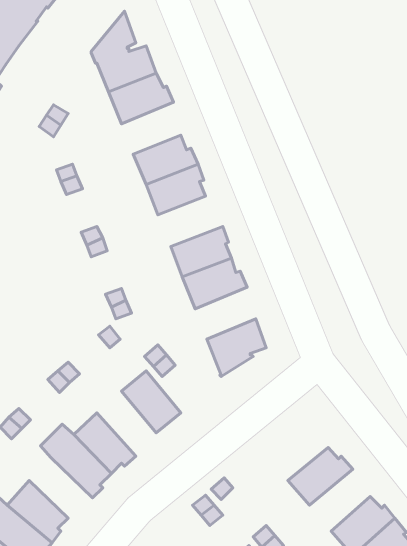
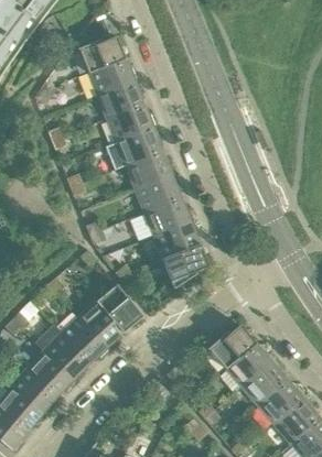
building: none -> [97,80,142,120]
building: none -> [125,152,174,191]
building: none -> [153,221,200,261]
building: none -> [78,301,124,350]
building: none -> [206,326,255,369]
building: none -> [26,351,75,398]
building: none -> [240,360,287,407]

